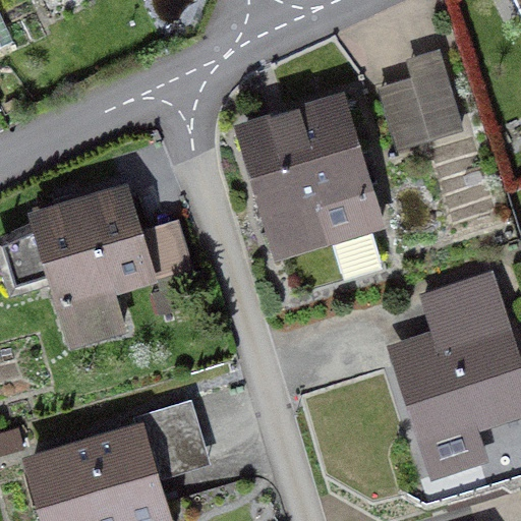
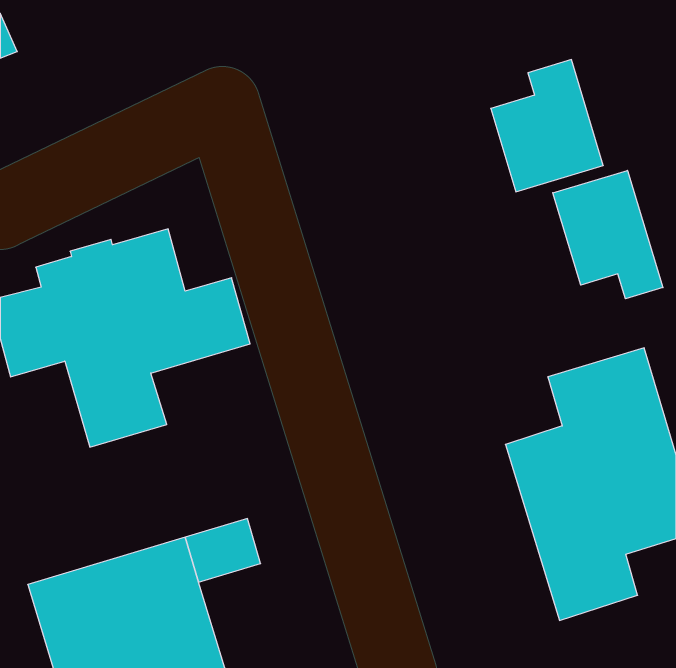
building: [234,91,385,262] -> none
building: none -> [553,170,663,299]

